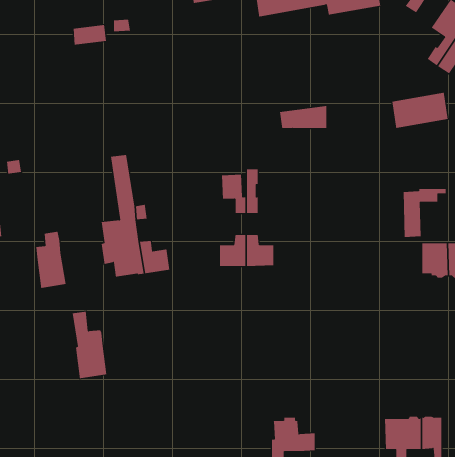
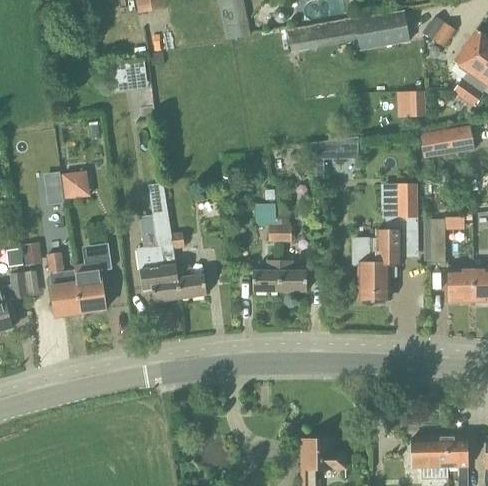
building: none -> [404,90,426,117]
building: none -> [62,170,89,199]
building: none -> [353,183,416,302]
building: [72,311,107,379] -> [47,251,81,316]

